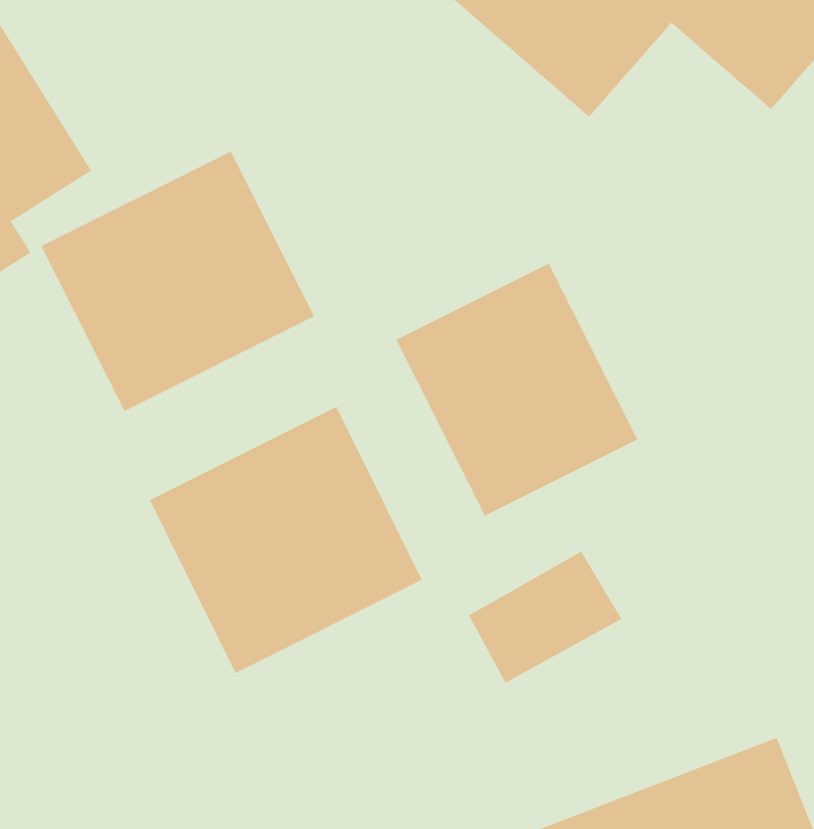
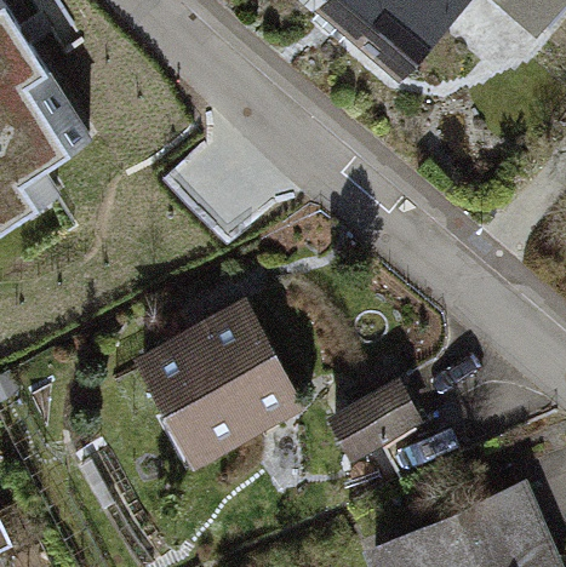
building: [40,150,315,412] -> none
building: [395,263,638,517] -> none

